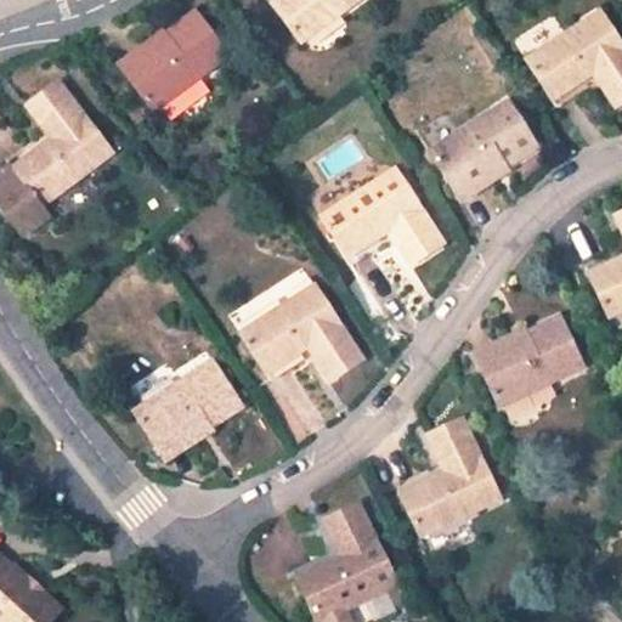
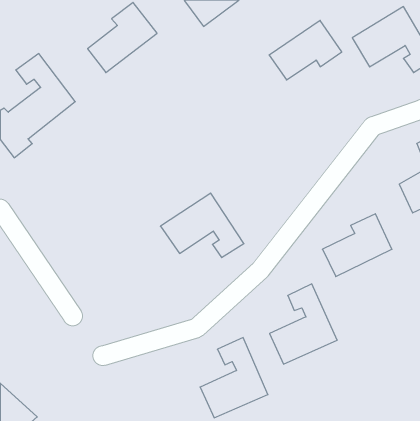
building: [431,103,538,191] -> [269,20,342,80]
building: [323,175,445,272] -> none
building: [137,361,244,451] -> none

